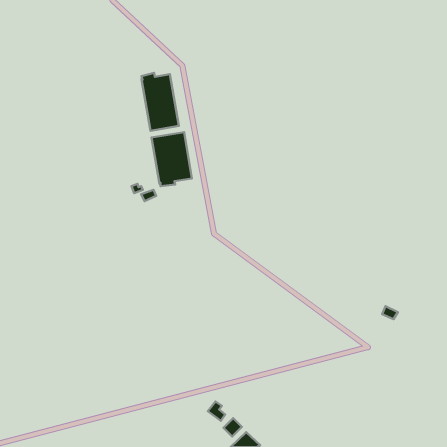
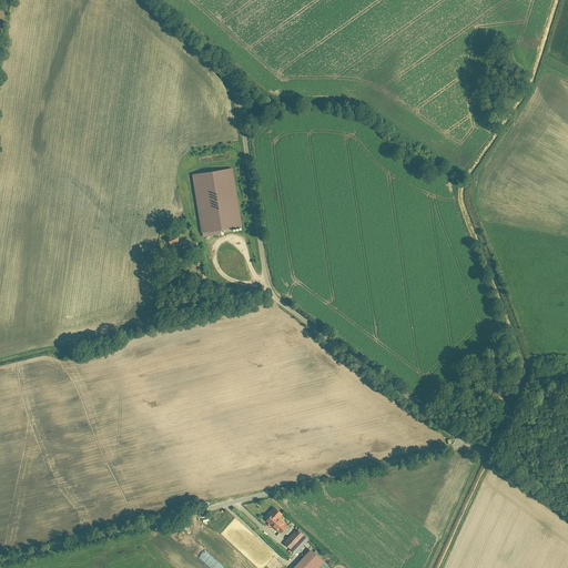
building: [141,73,179,131] -> none

